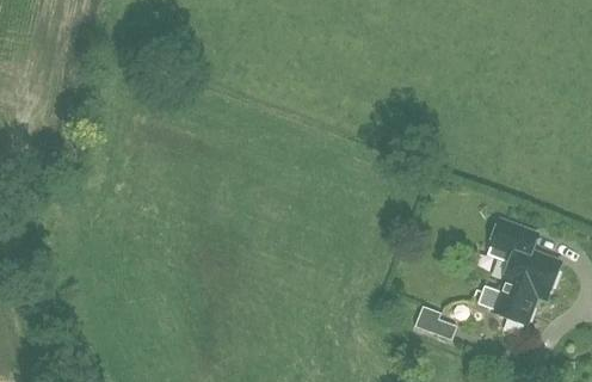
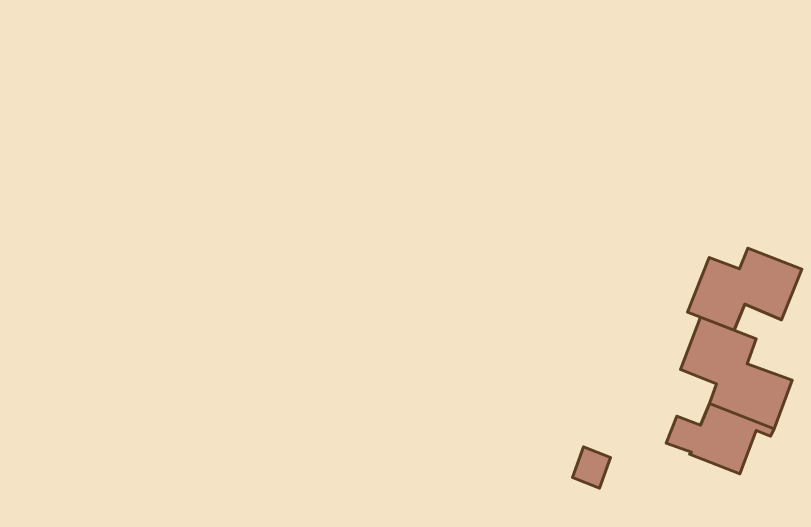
building: none -> [688,248,802,330]

